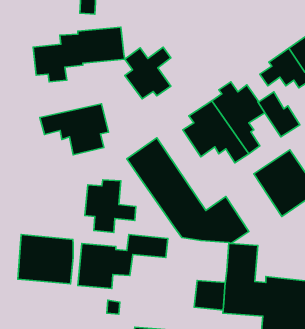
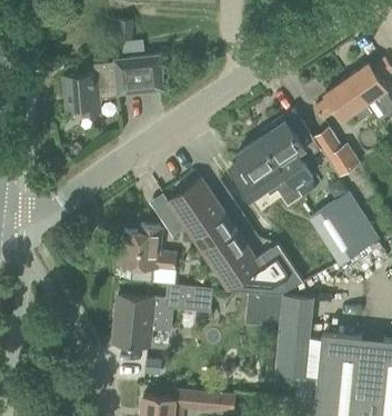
building: [125,47,171,99] -> none
building: [40,104,109,155] -> none
building: [18,235,73,284] -> none
building: [194,280,225,310] -> [247,293,281,326]

